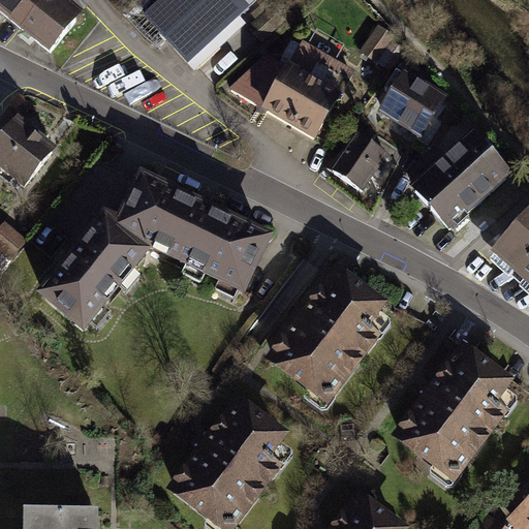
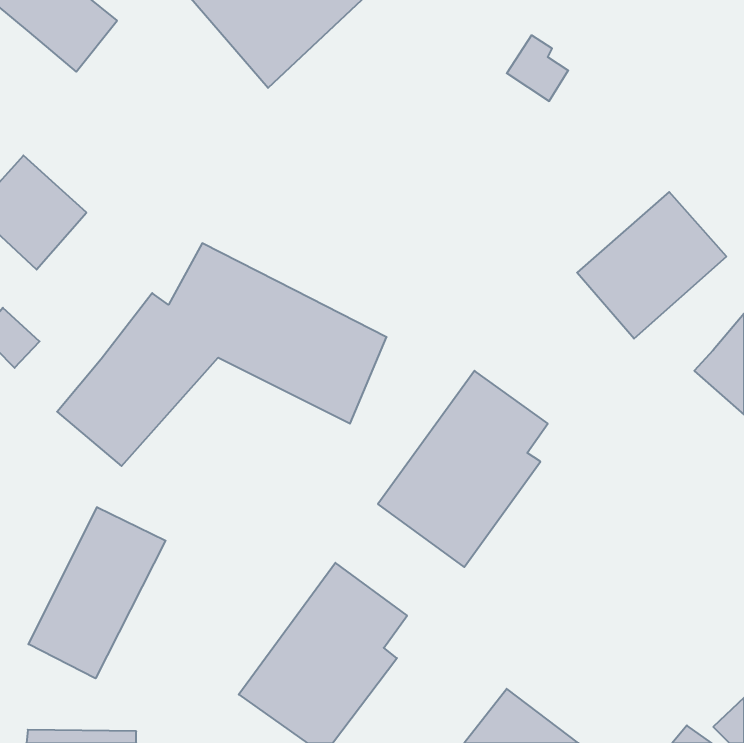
building: [224,29,354,139] -> none
building: [376,74,444,141] -> none
building: [323,131,385,191] -> none
building: [392,334,516,475] -> none
building: none -> [28,507,166,678]

